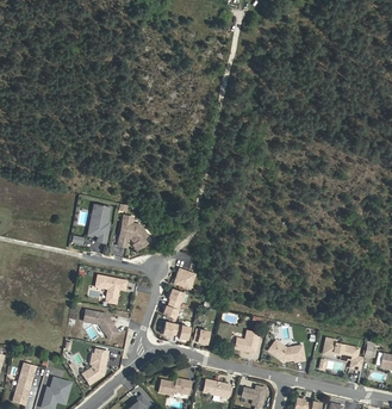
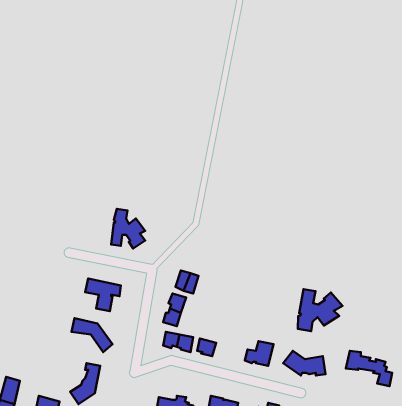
building: [89,203,110,241] -> none
building: none -> [298,289,343,331]

